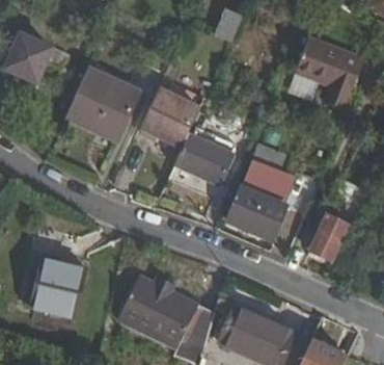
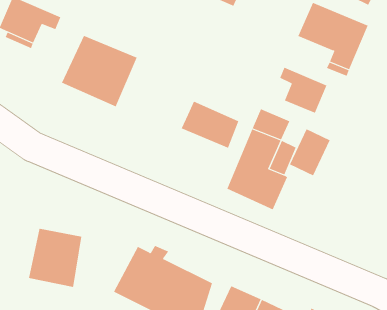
building: [152,93,204,148] -> none
building: none -> [279,67,327,113]
building: [313,211,354,258] -> [289,129,331,176]

